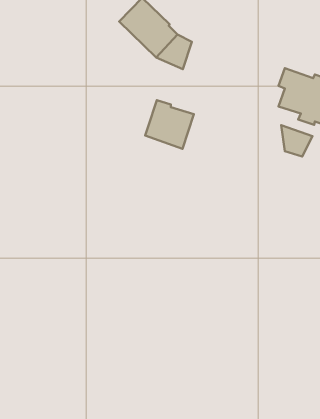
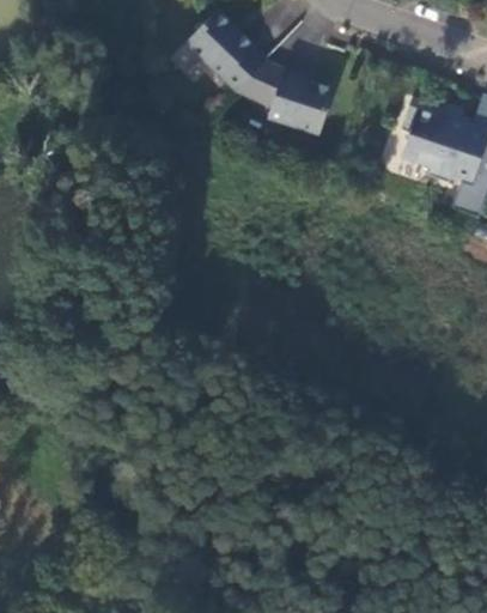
building: [145,100,194,149] -> [269,71,335,136]
building: [281,125,313,157] -> none

